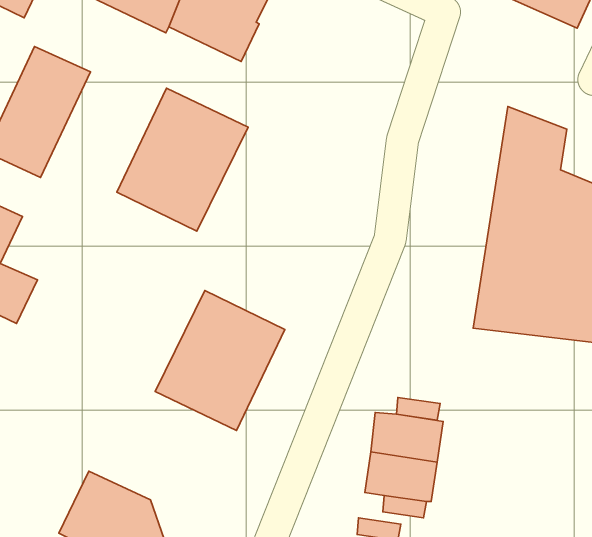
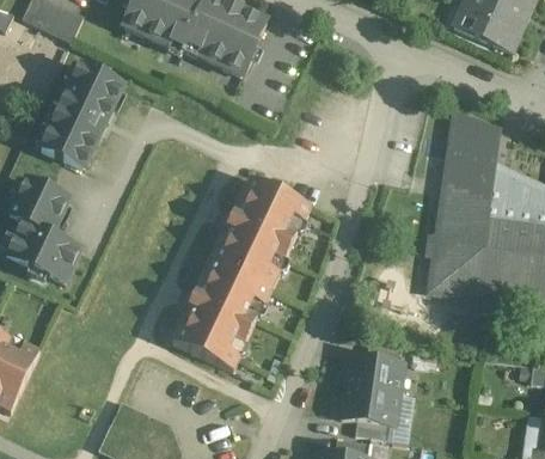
building: [117,88,248,231] -> [213,176,317,289]

